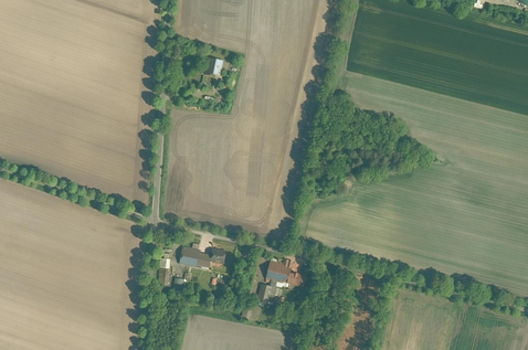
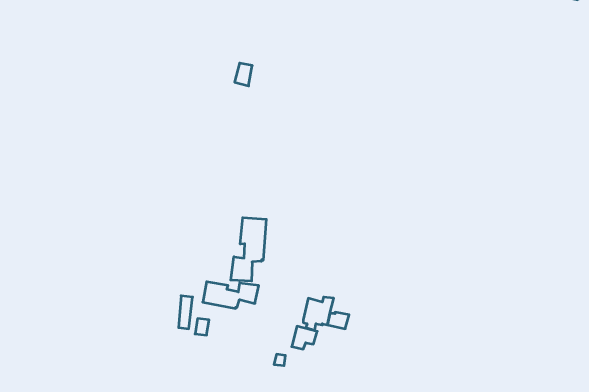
building: none -> [231,218,266,281]

